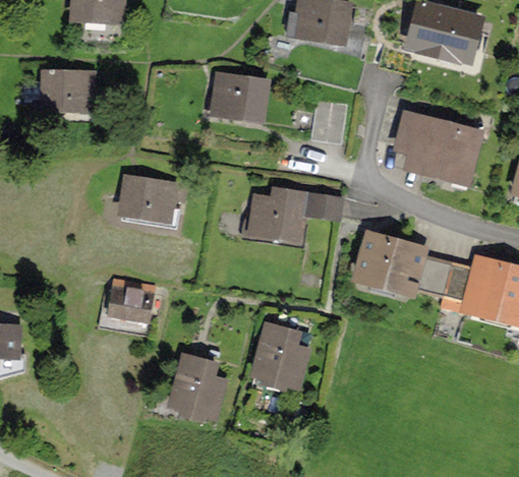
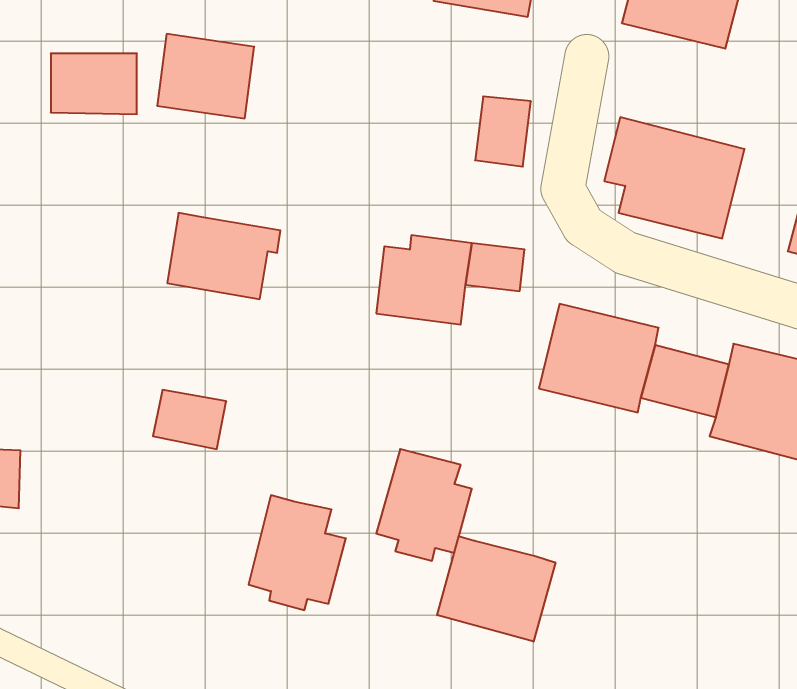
building: [209,70,271,124] -> [157,34,254,118]
building: none -> [437,536,555,642]

